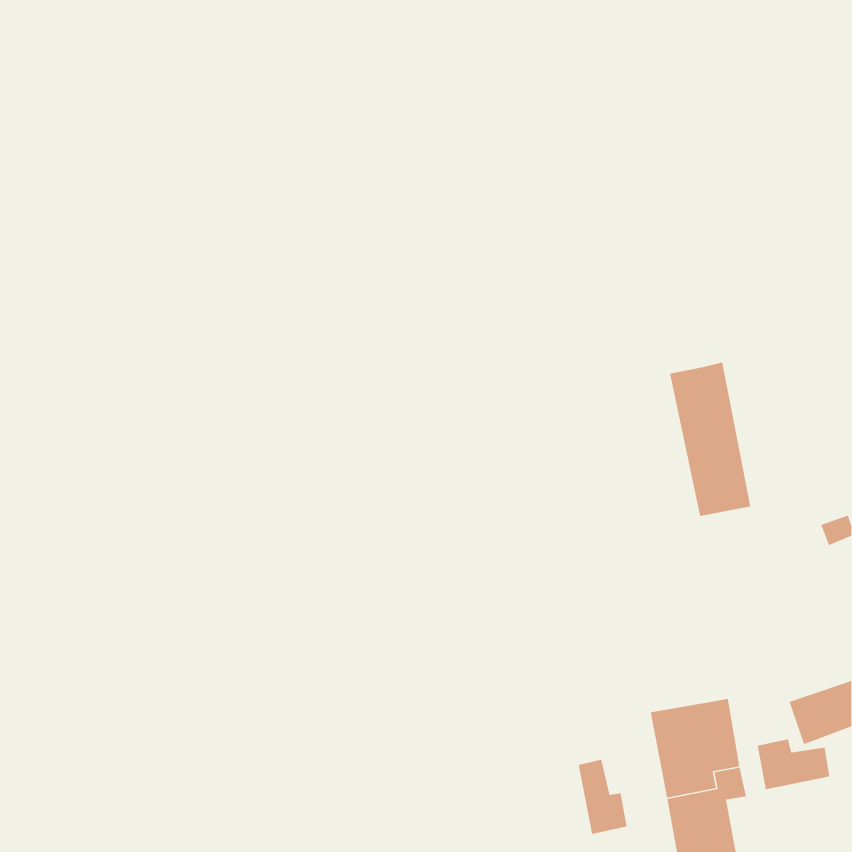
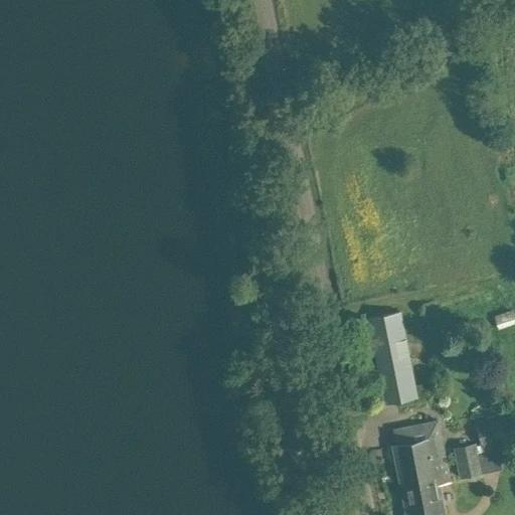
building: [669,362,751,517] -> [367,311,416,404]
building: [578,759,627,835] -> none

